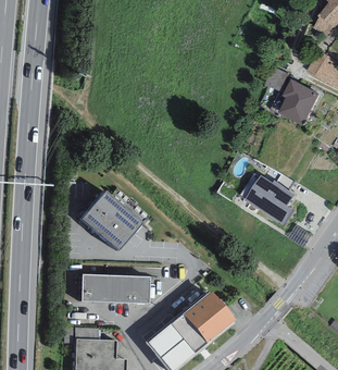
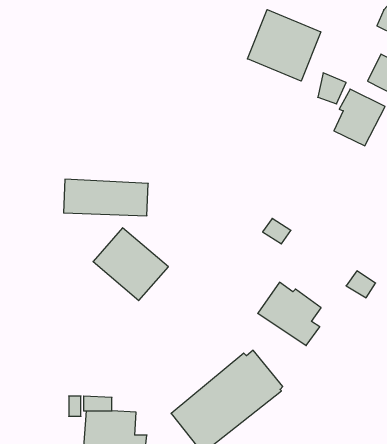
building: none -> [247,10,321,81]
building: [243,174,295,225] -> [258,282,321,346]
building: [82,273,150,303] -> [64,179,148,216]

